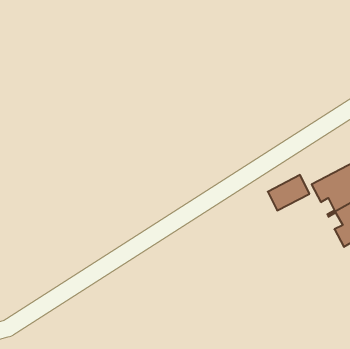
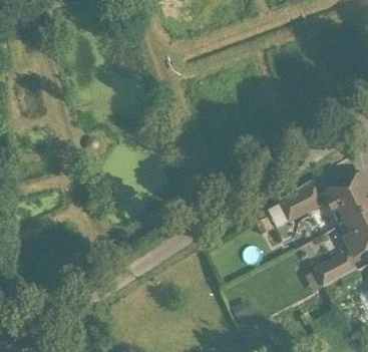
building: none -> [313,251,353,285]

